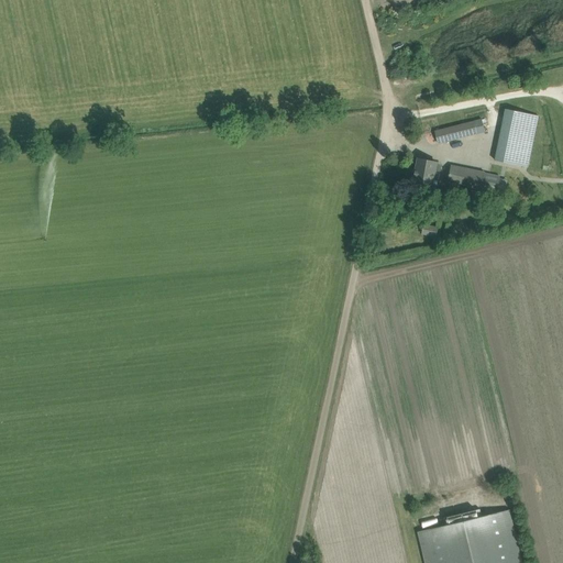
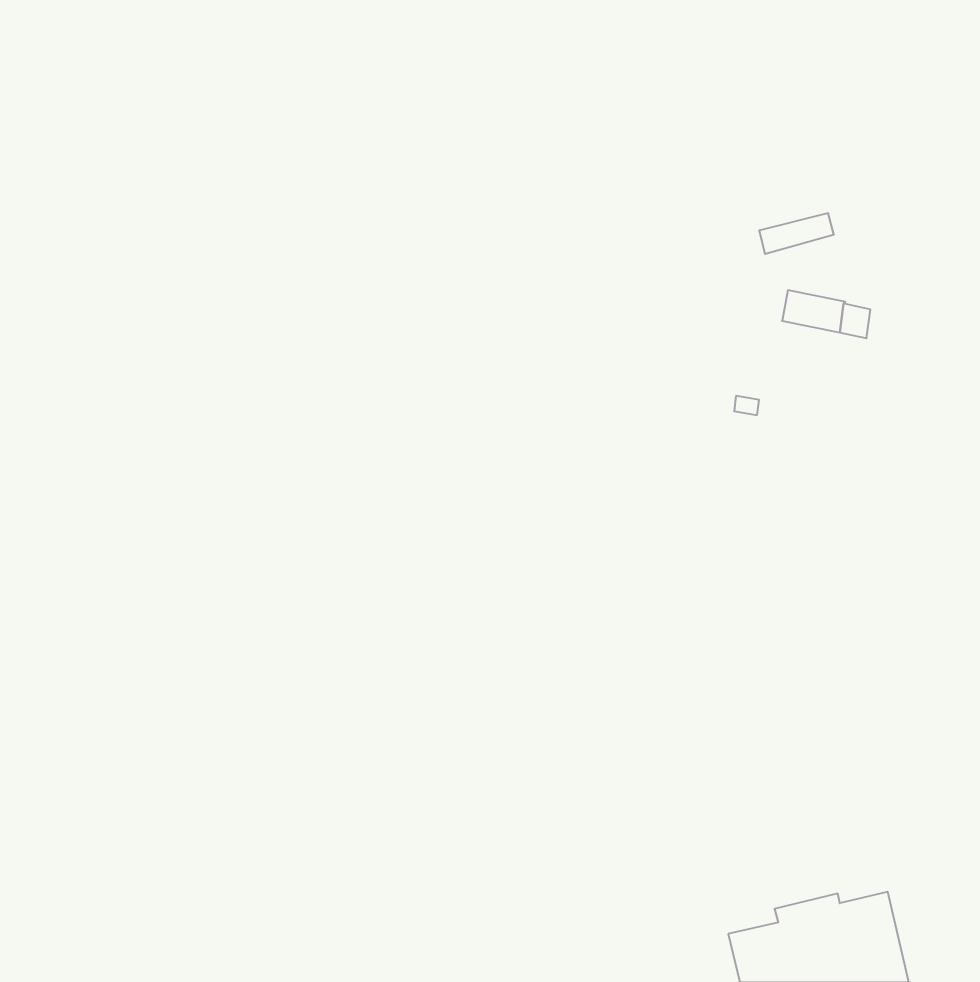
building: [494,110,537,167] -> none
building: [409,159,435,189] -> none

